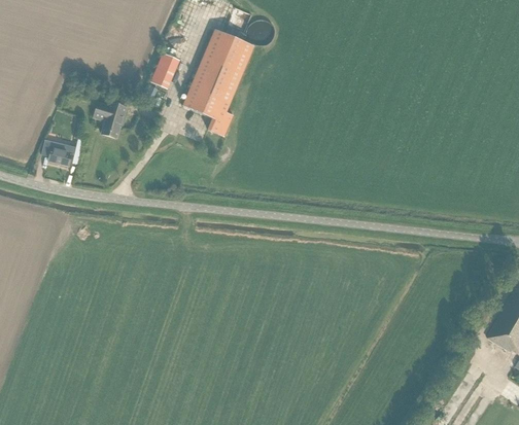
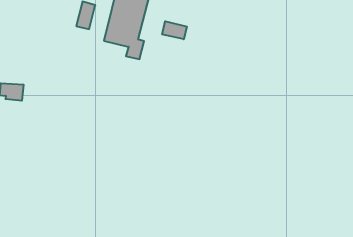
building: none -> [162,21,187,39]
building: [95,101,129,137] -> none

